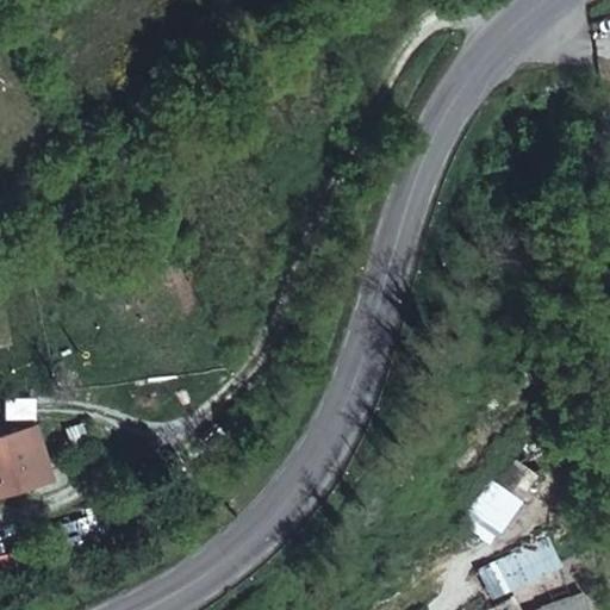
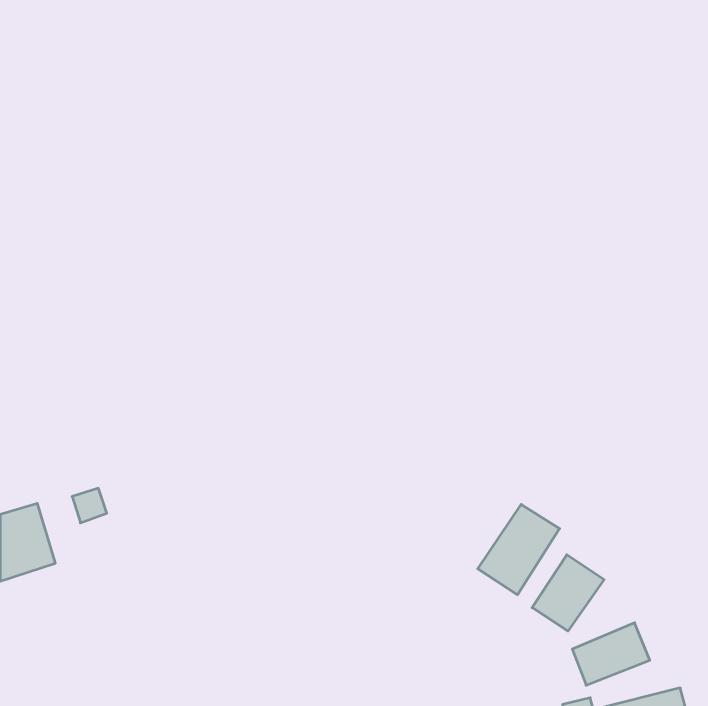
building: none -> [478,504,560,595]

